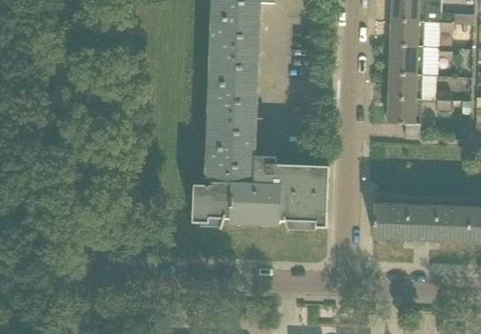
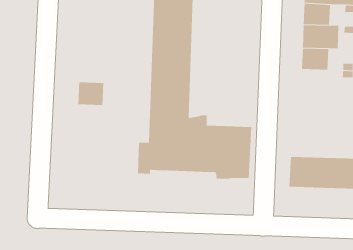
building: [386,98,420,124] -> none
building: none -> [78,81,104,106]

